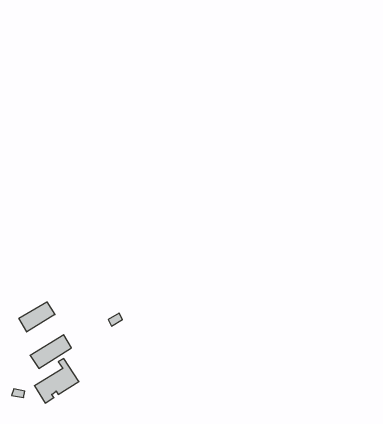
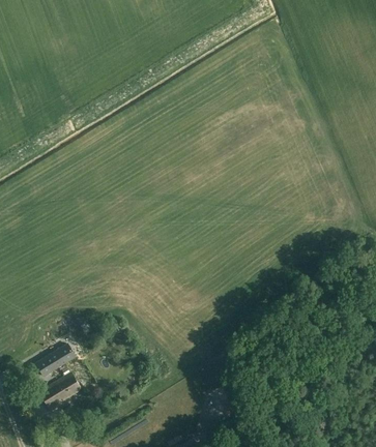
building: [19,302,55,332] -> none

